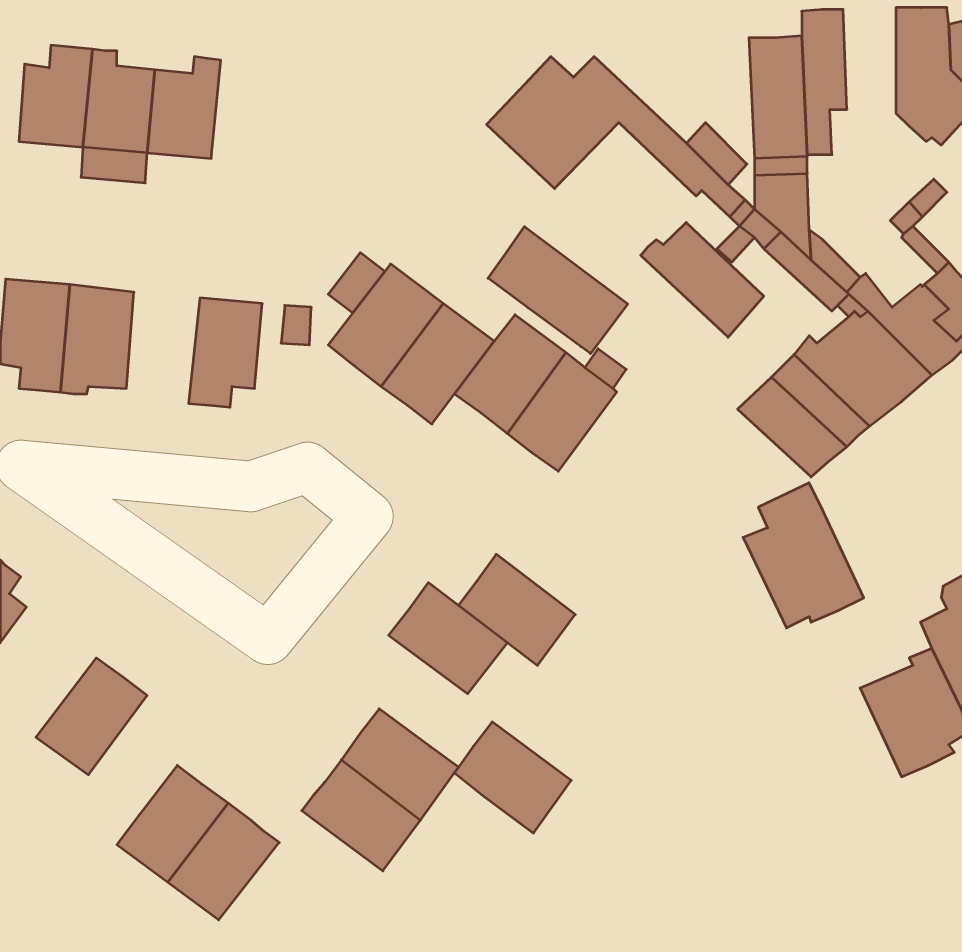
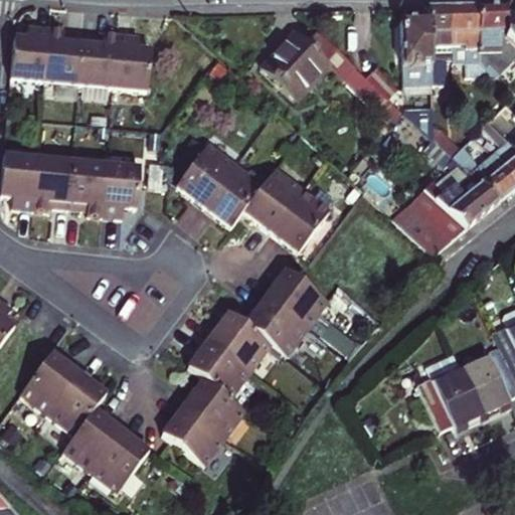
building: none -> [451,4,486,74]
building: none -> [114,32,152,89]
building: [641,222,764,337] -> none
building: [488,227,628,354] -> none
building: none -> [68,156,108,215]
building: [743,483,864,628] -> [417,353,482,431]
building: none -> [266,269,329,328]
building: none -> [48,371,107,435]
building: [454,722,571,833] -> [188,339,250,398]

